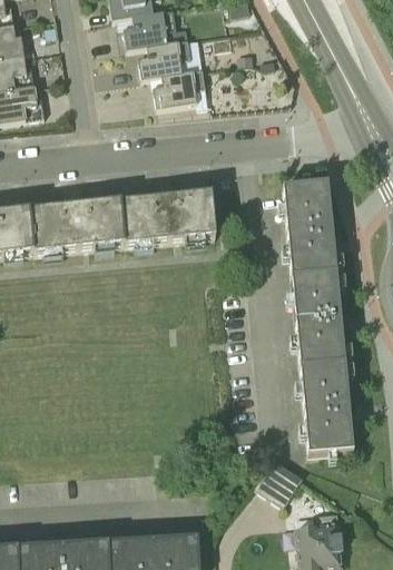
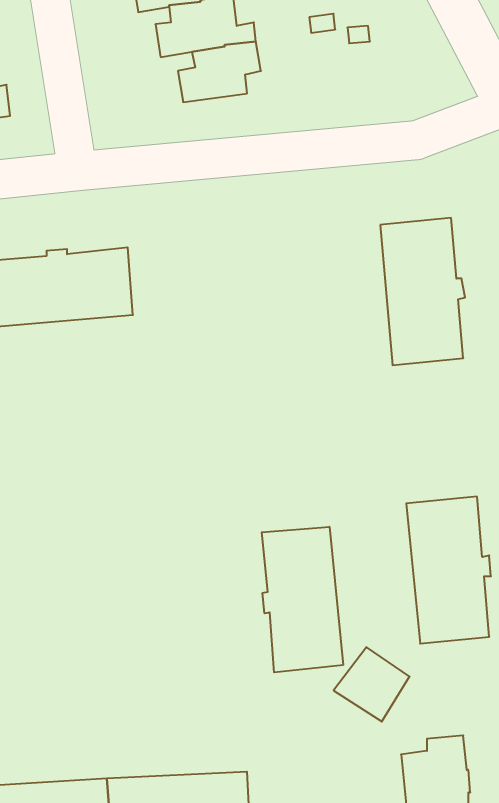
building: [119,190,215,242] -> none
building: [289,269,344,363] -> none
building: none -> [262,527,343,672]

